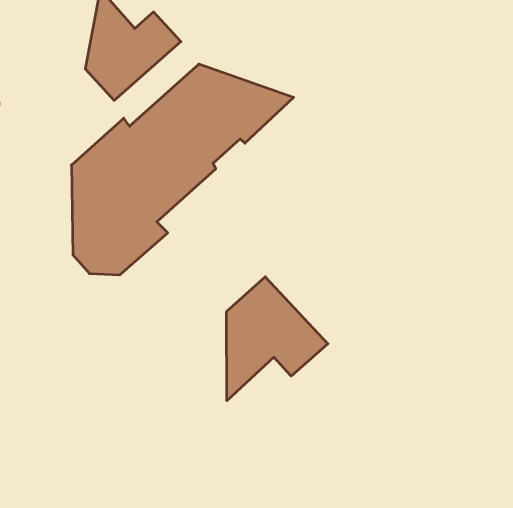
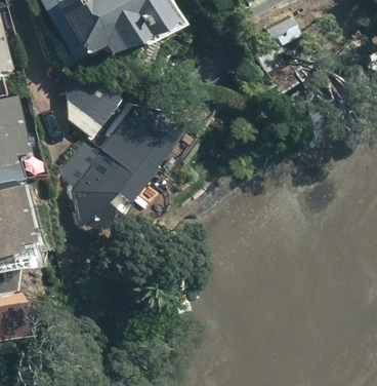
building: [227,277,328,401] -> none

